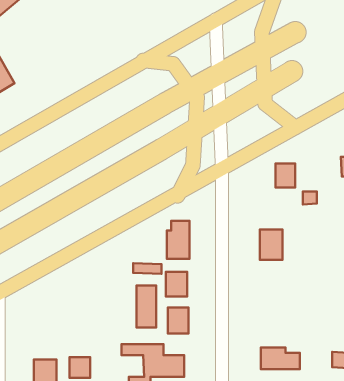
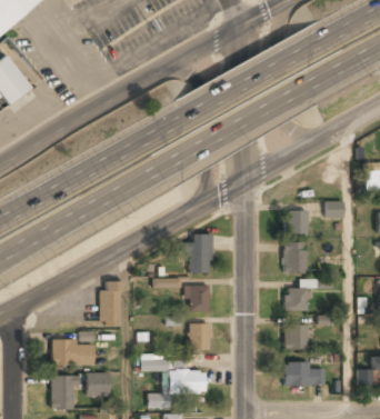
building: [276,164,295,187] -> [287,211,307,236]
building: none -> [286,280,331,311]
building: [137,285,156,328] -> [100,282,120,326]
building: none -> [284,326,307,350]
building: none -> [52,340,83,366]

